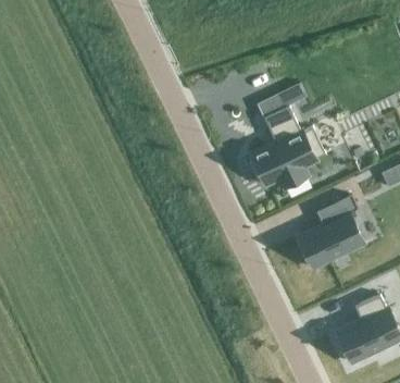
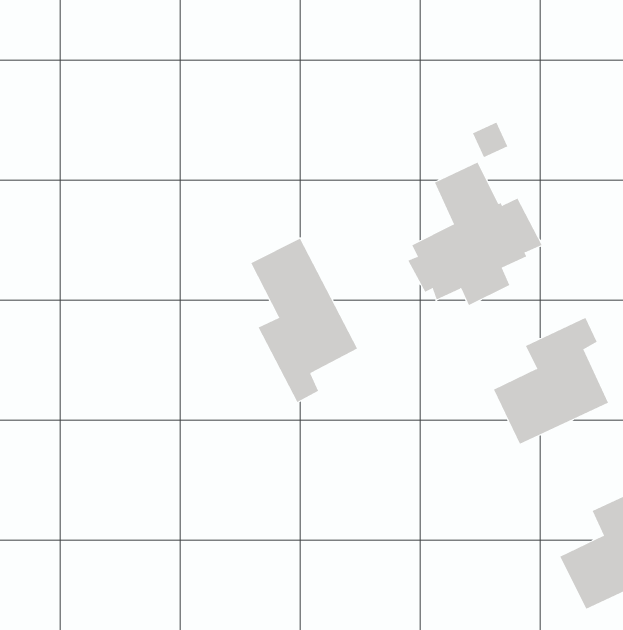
building: none -> [251,238,358,403]

